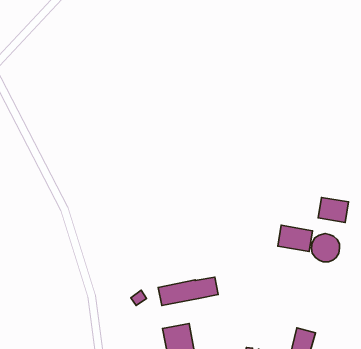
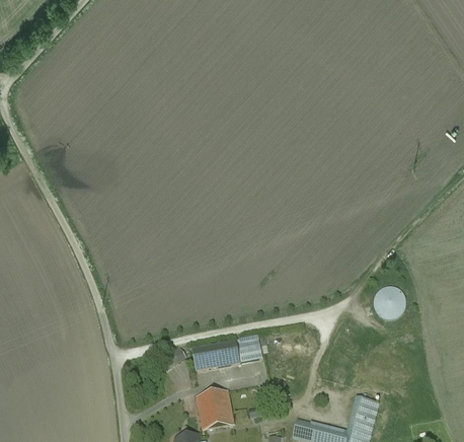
building: [318,198,349,222] -> none
building: [278,225,313,252] -> none

